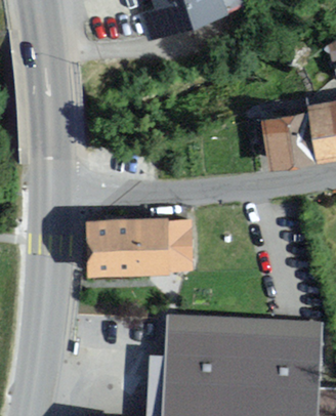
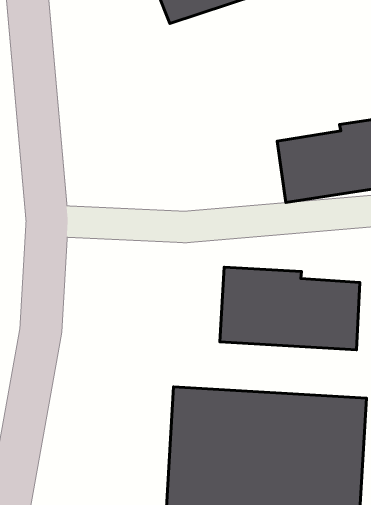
building: [79,216,191,275] -> none
building: none -> [220,267,360,350]

